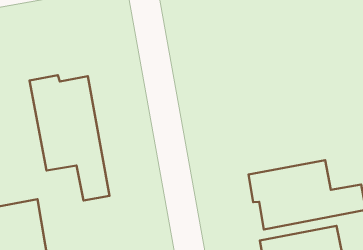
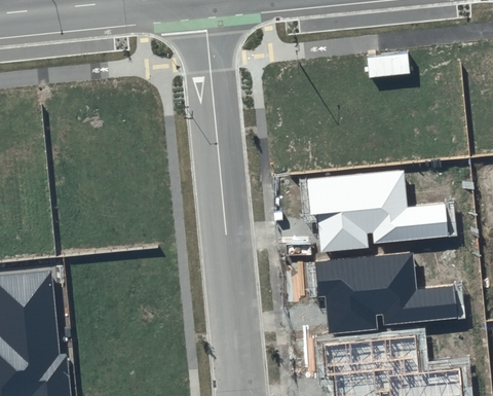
building: [30,75,109,201] -> none
building: none -> [307,169,449,249]

